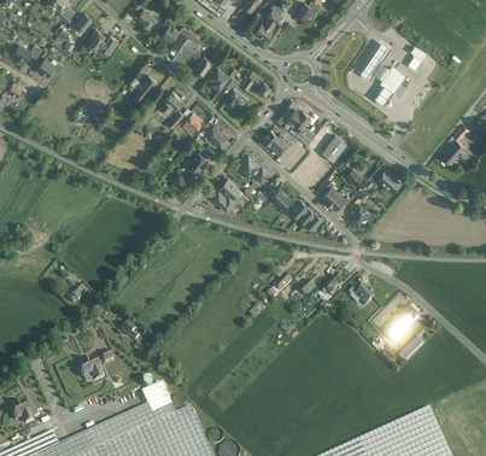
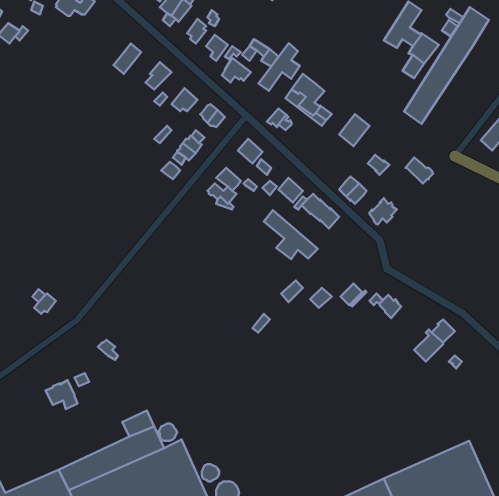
building: none -> [404,7,489,124]
building: none -> [258,43,300,91]
building: none -> [264,210,318,259]

